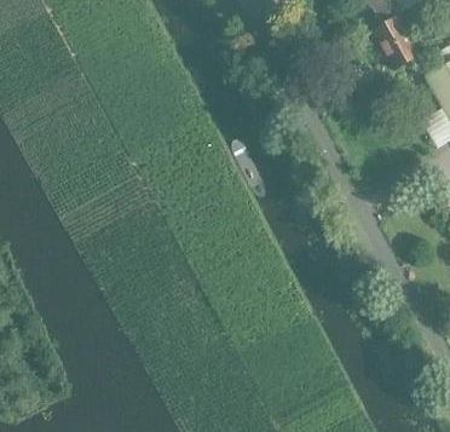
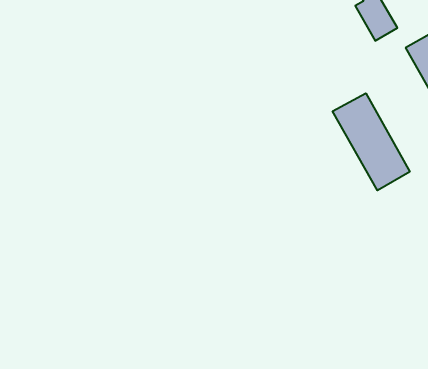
building: none -> [333,93,410,190]

